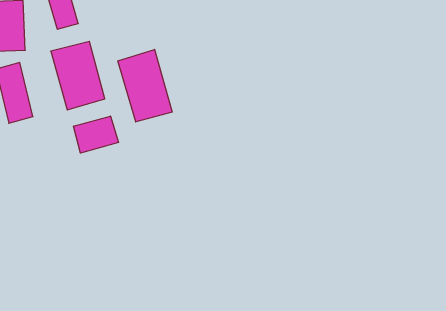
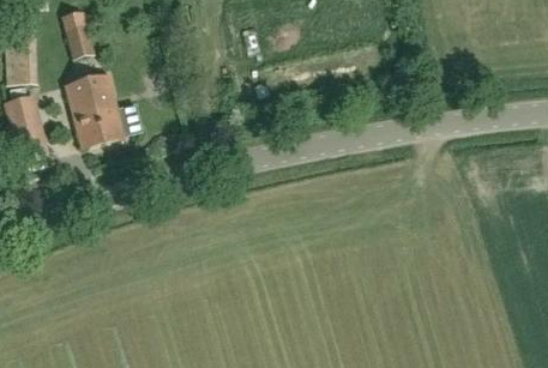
building: [118,49,172,122] -> none
building: [74,116,118,153] -> none

